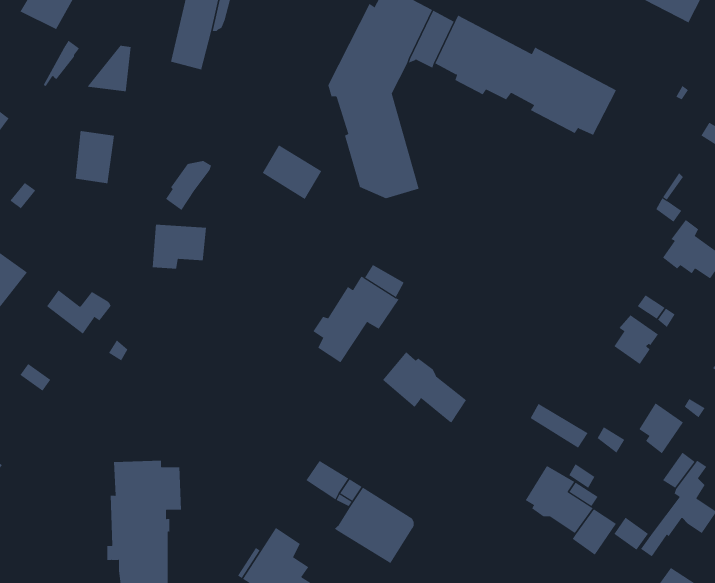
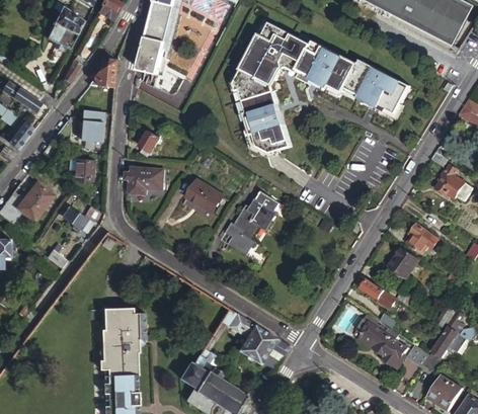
building: [262,145,322,200] -> [183,179,220,213]
building: none -> [68,158,94,181]
building: [382,352,467,423] -> none
building: [639,402,684,454] -> [392,246,419,277]

